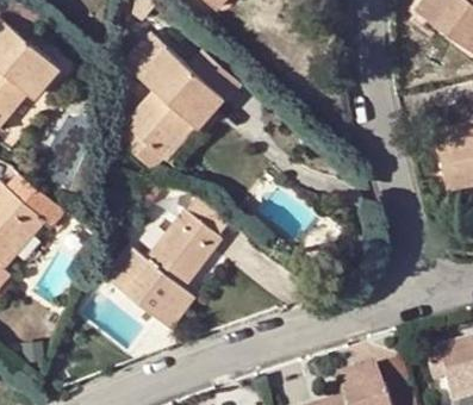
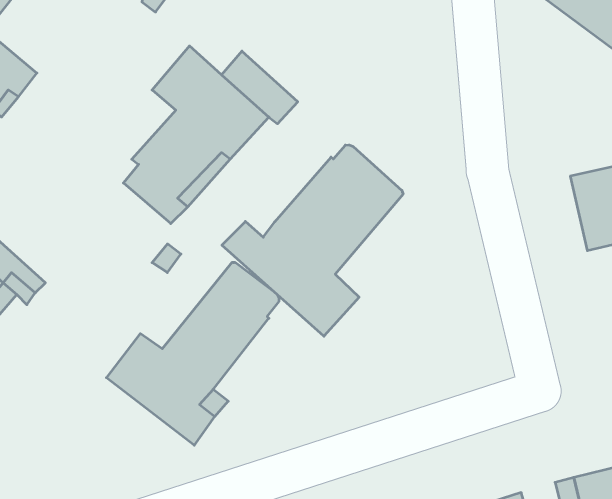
building: none -> [222,145,403,336]

